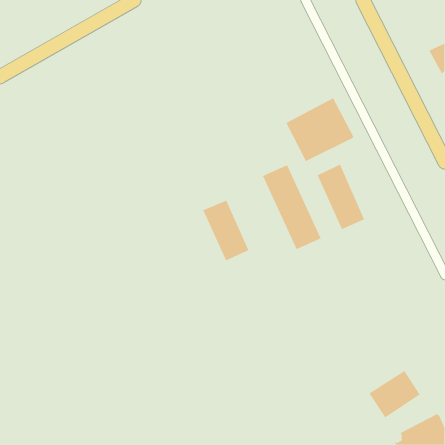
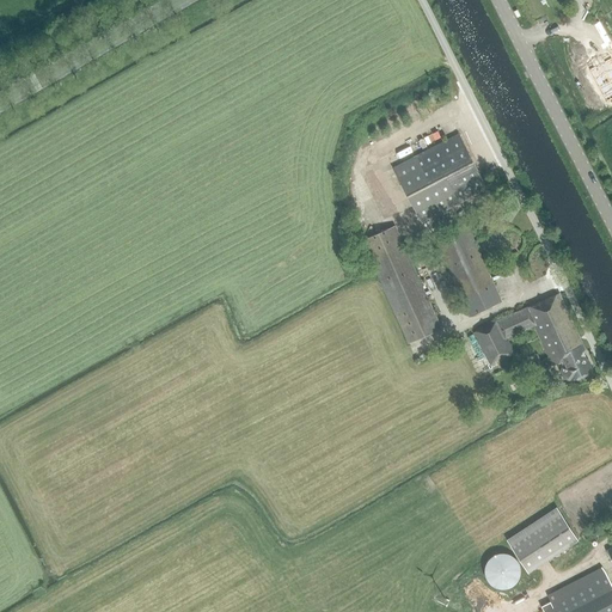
building: [203,200,249,261] -> none
building: none -> [473,293,593,380]
building: none -> [484,553,519,589]

